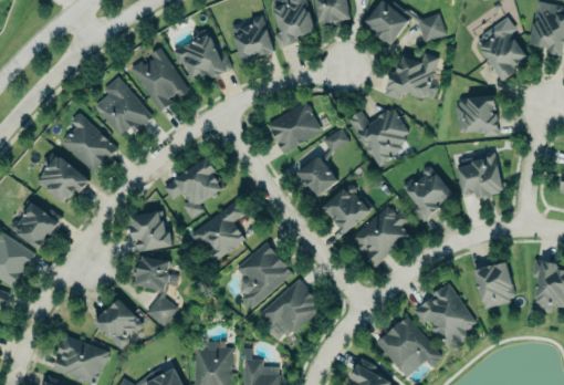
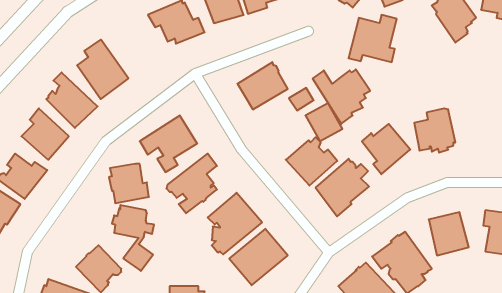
building: [132,48,188,112] -> none
building: [455,95,499,137] -> none
building: [297,156,337,197] -> [305,103,342,141]

